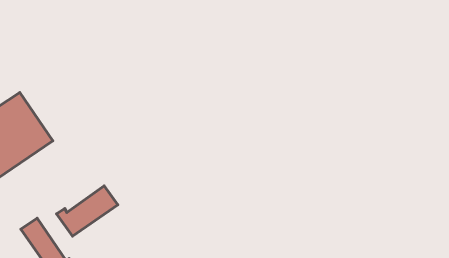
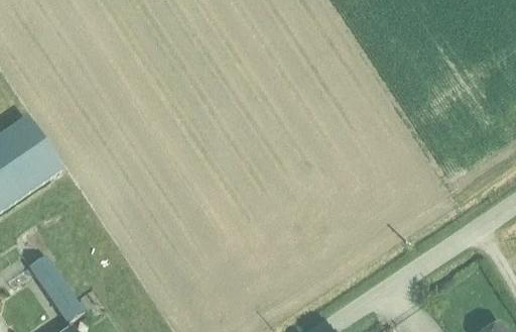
building: [57,186,118,236] -> none

